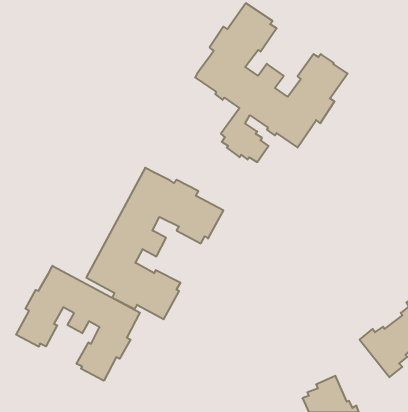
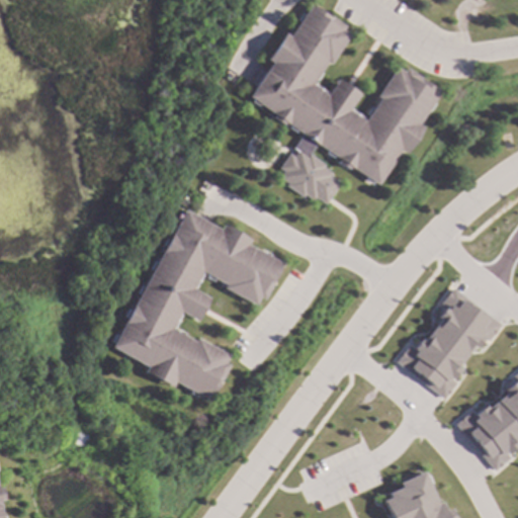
building: none -> [399,287,504,400]
building: [16,266,140,381] -> none

